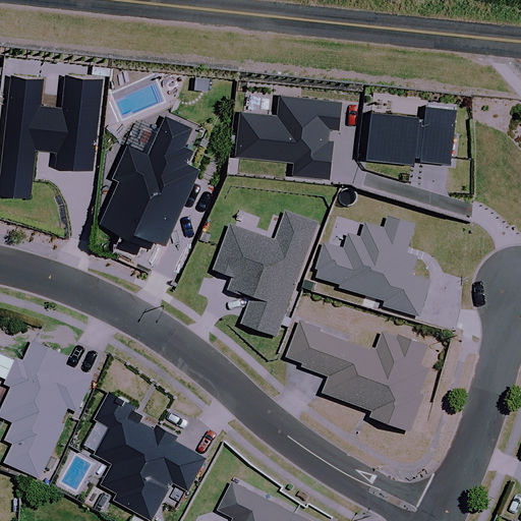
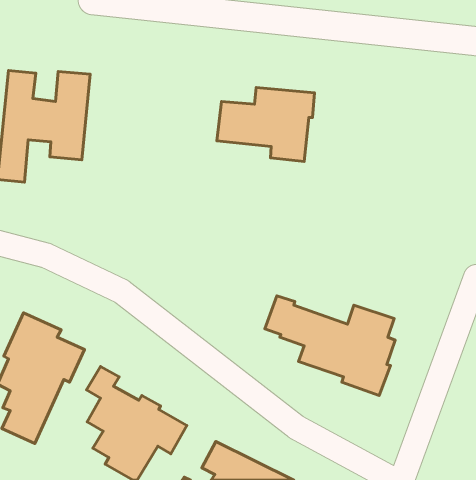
building: [368,105,455,161] -> none
building: [101,115,198,236] -> none
building: [214,214,315,337] -> none
building: [319,217,431,314] -> none

